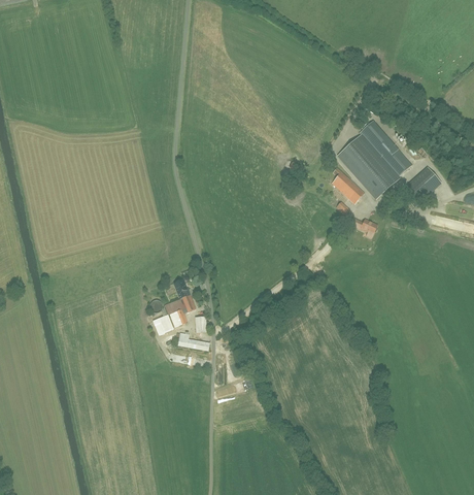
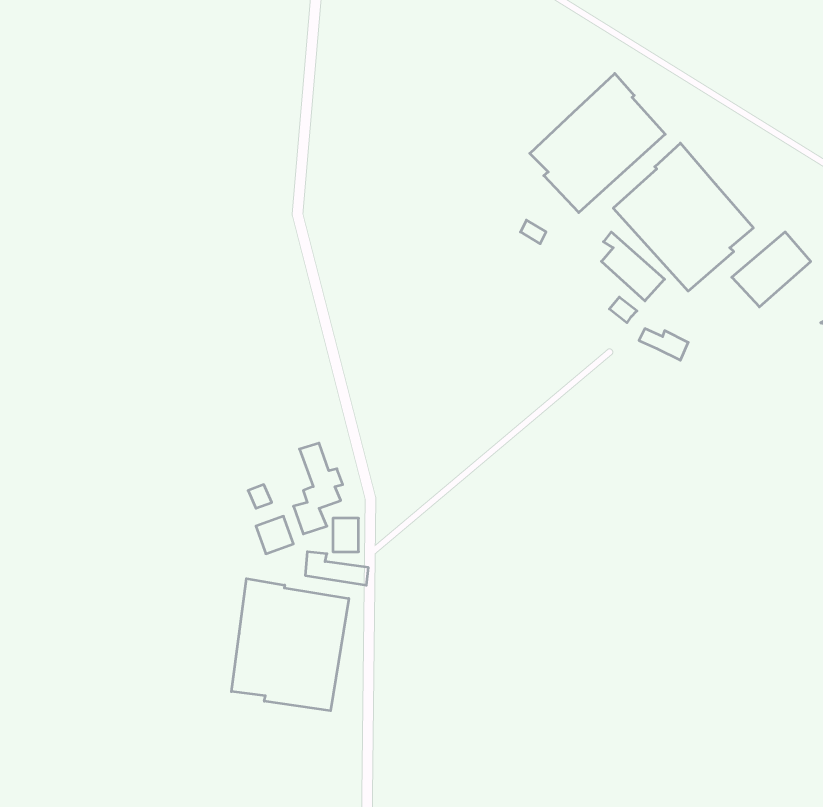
building: none -> [530,73,665,213]
building: none -> [231,579,349,711]

